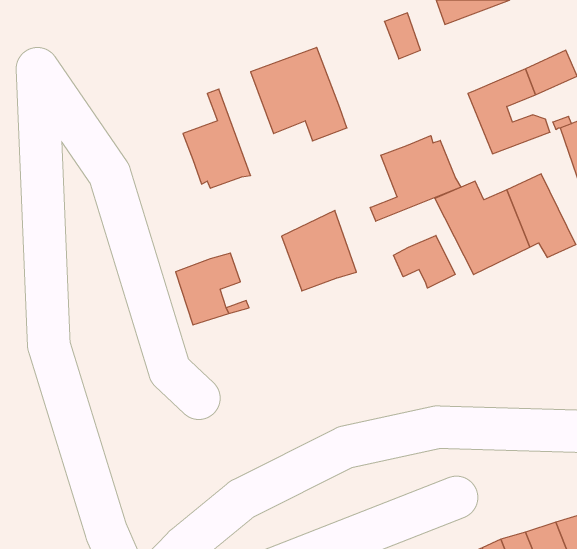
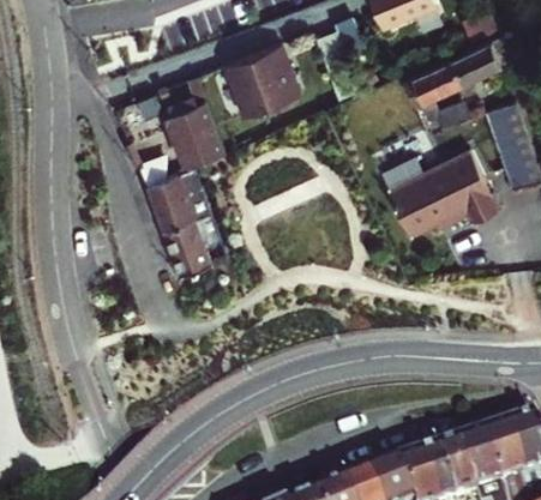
building: [370,136,461,221] -> none
building: [282,210,356,291] -> [145,159,208,227]
building: [393,235,455,288] -> none

